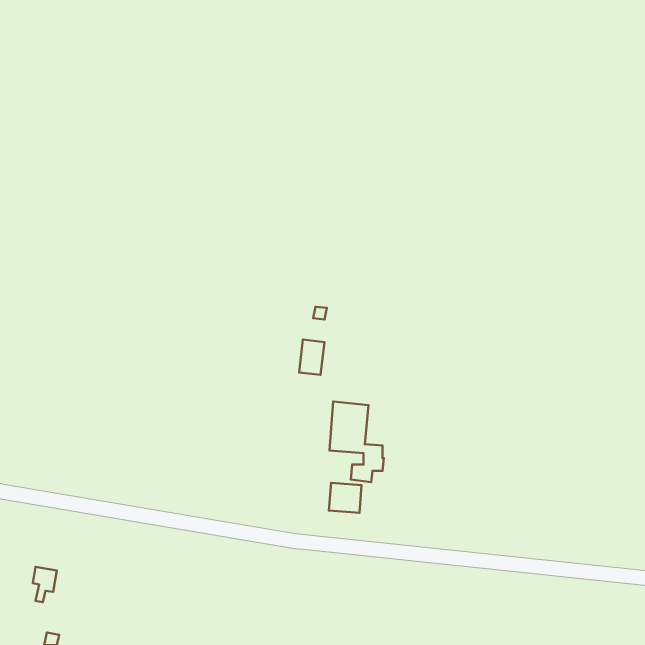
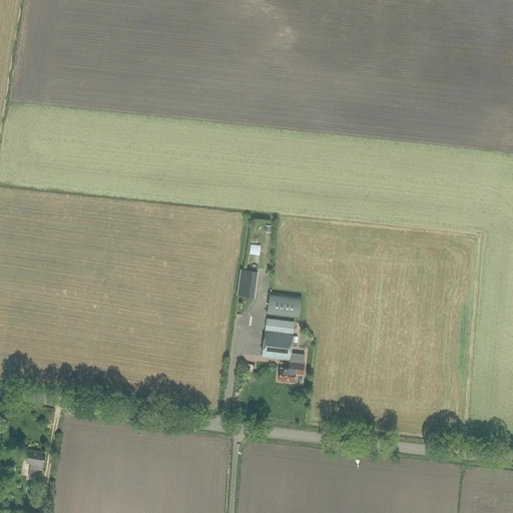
building: none -> [268,293,302,317]
building: [329,483,362,513] -> none

